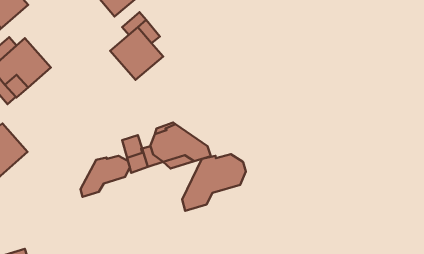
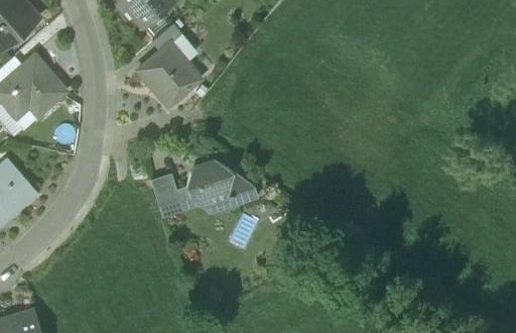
building: [182,154,246,211] -> none
building: [80,156,130,197] -> none

